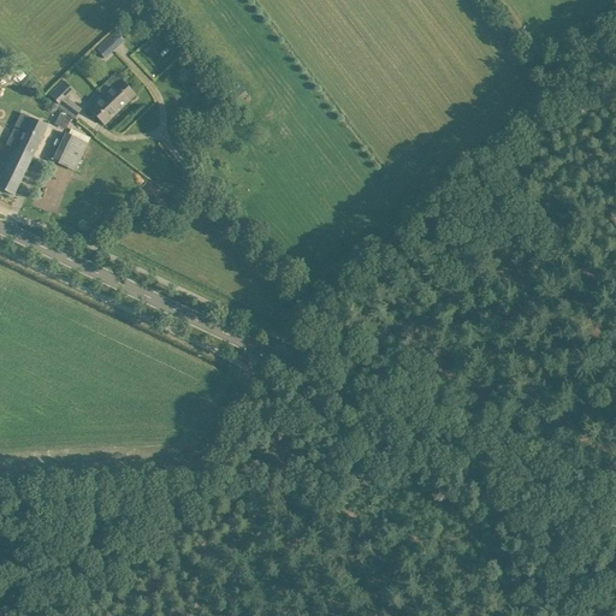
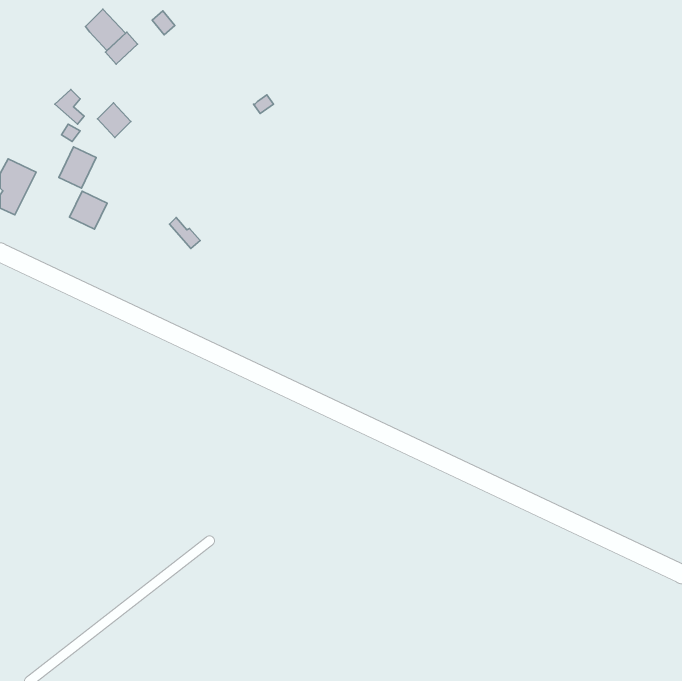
building: [99,72,135,109] -> [86,9,126,50]
building: [7,116,47,155] -> none
building: none -> [70,191,107,229]

